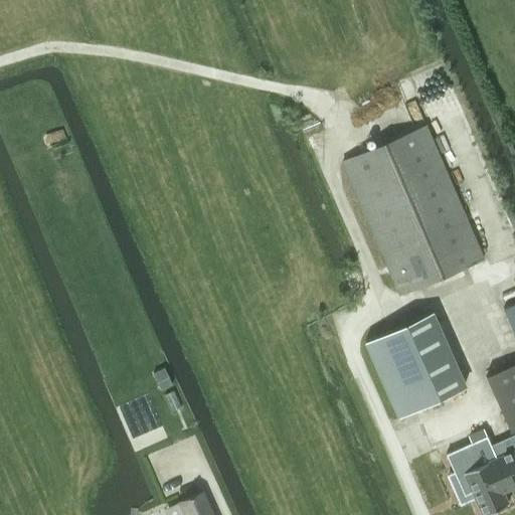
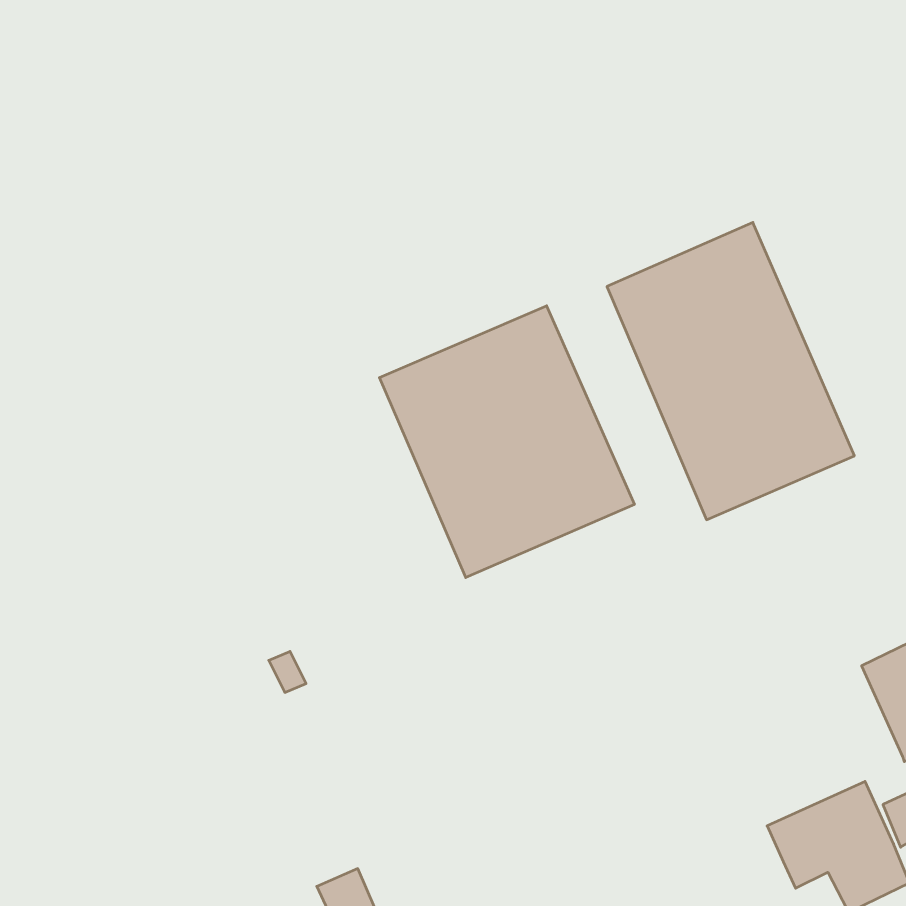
building: none -> [379,306,634,578]
building: [367,314,466,417] -> none

